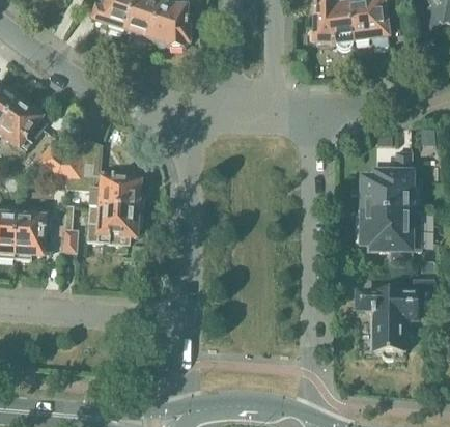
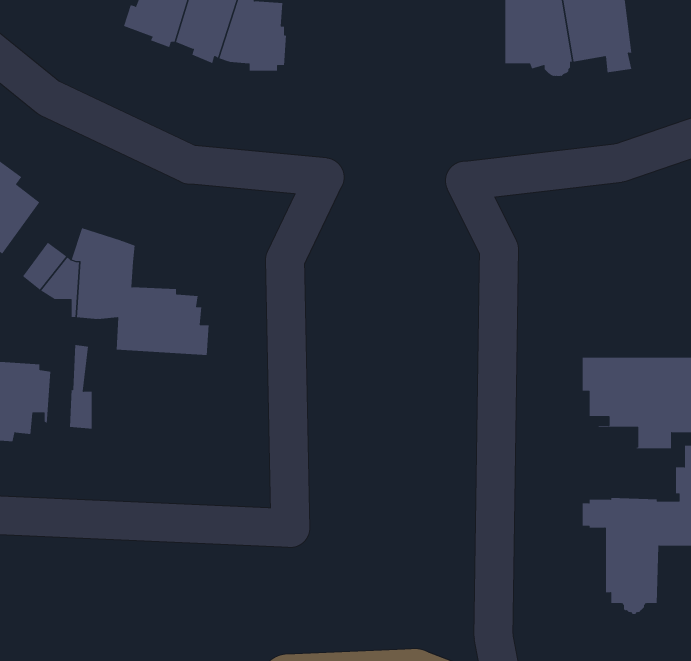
building: [358,149,415,209] -> none
building: [87,205,142,244] -> none

